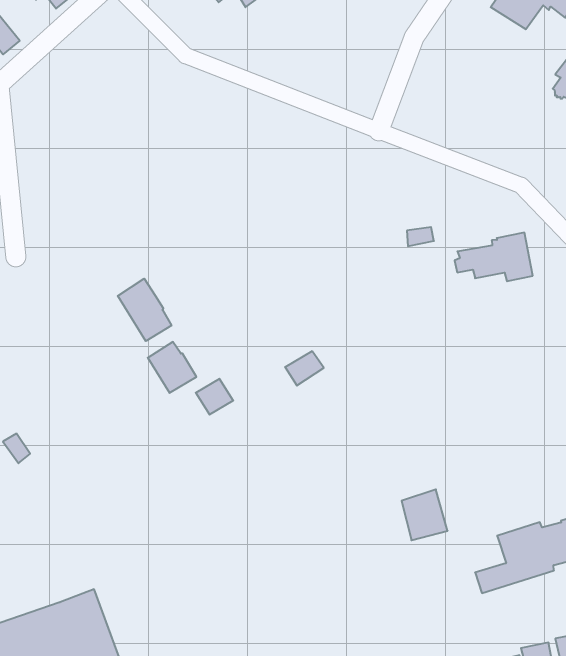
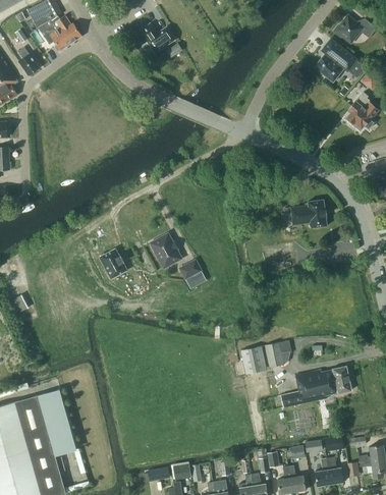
building: [118,279,171,341] -> none
building: none -> [151,233,181,267]
building: none -> [266,340,291,367]

